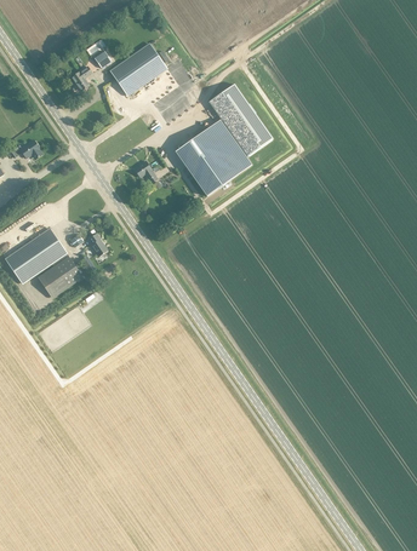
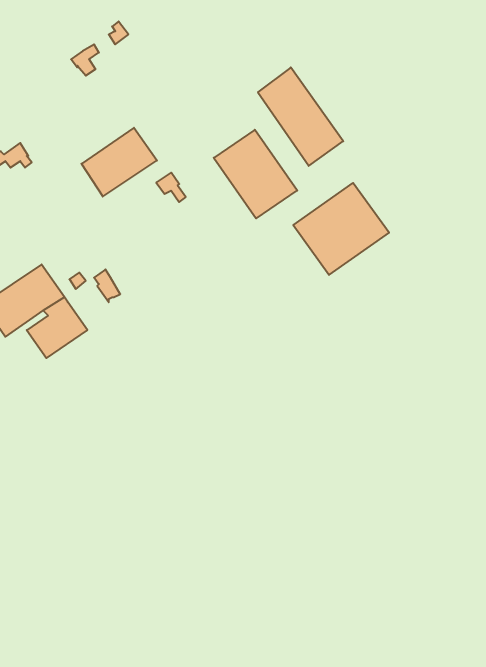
building: [110,44,166,94] -> [81,128,157,197]
building: none -> [293,183,389,275]

